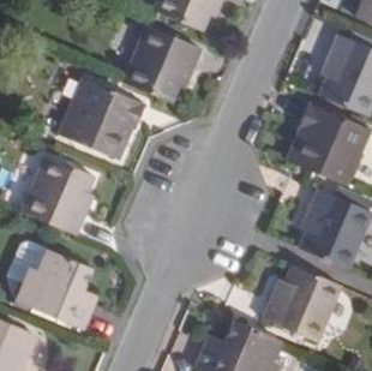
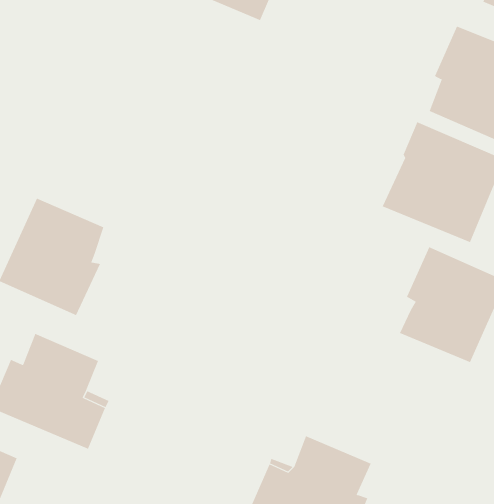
building: [121,24,200,102] -> none
building: [58,76,143,158] -> none
building: [260,263,340,340] -> none

